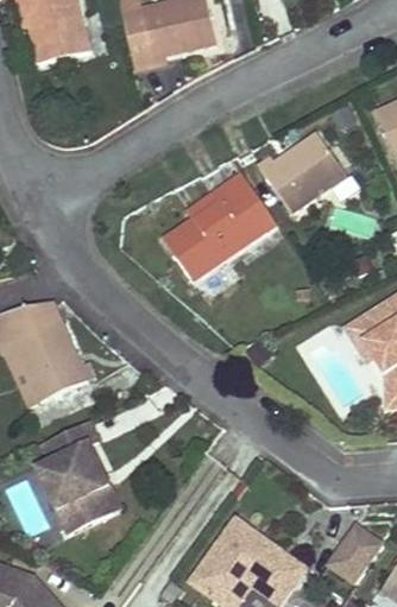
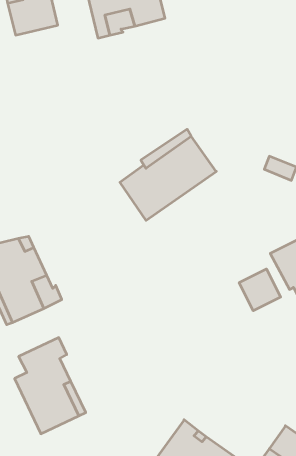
building: [257,129,346,213] -> none
building: none -> [239,269,281,311]

